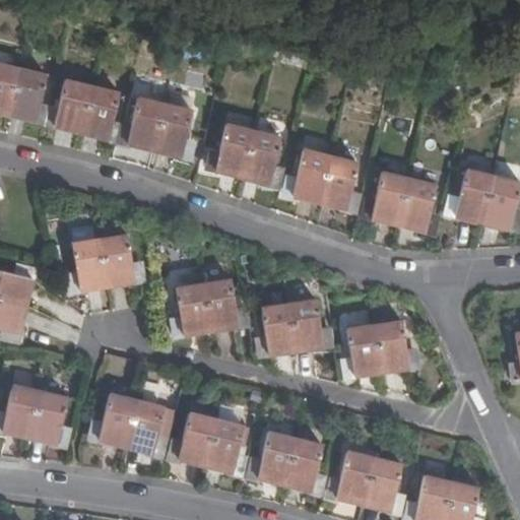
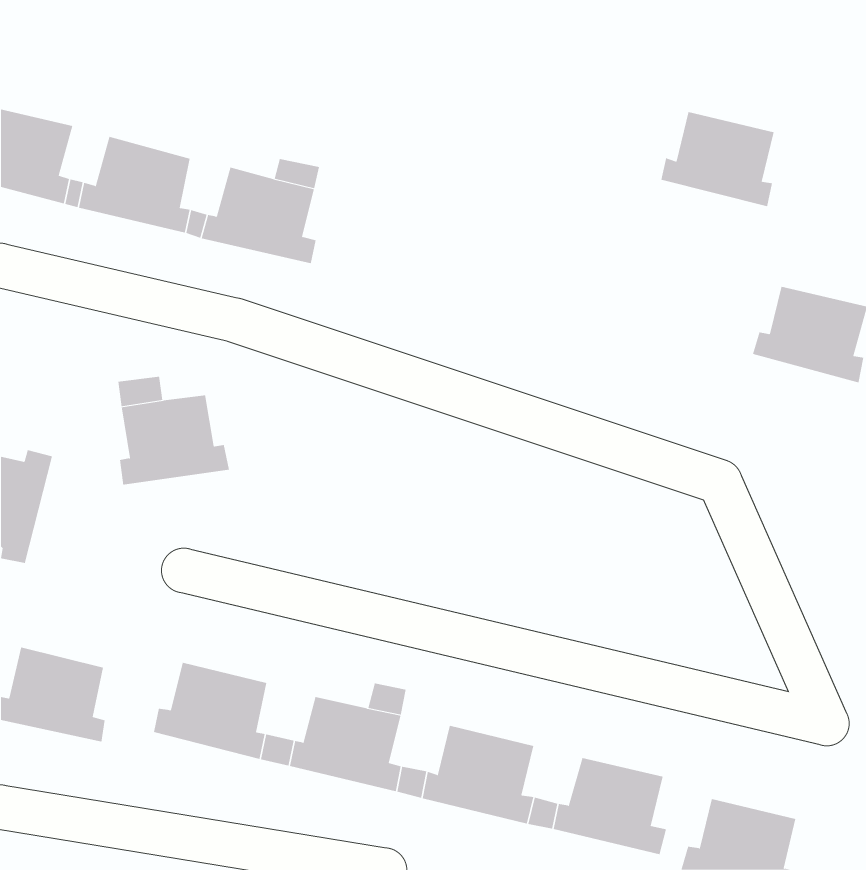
building: [209,126,280,185] -> none
building: [287,152,356,210] -> none
building: [366,175,434,232] -> [661,112,775,207]
building: [176,280,243,334] -> none
building: [262,300,328,354] -> none
building: [347,320,414,375] -> none

